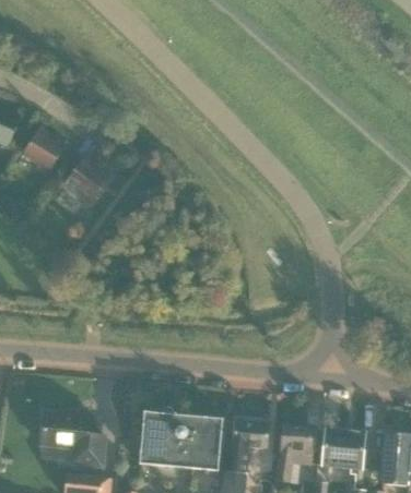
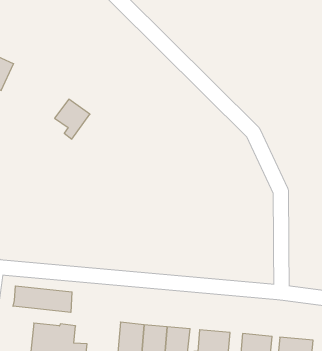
building: [24,129,64,173] -> none
building: none -> [13,286,72,312]

